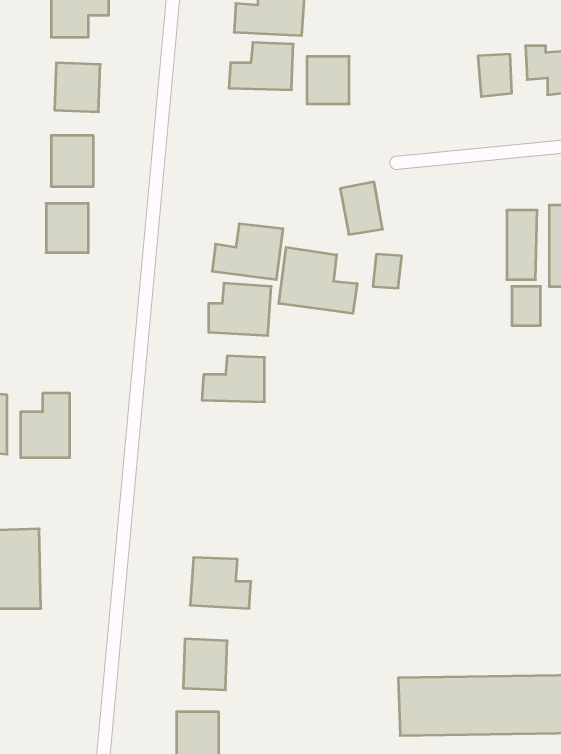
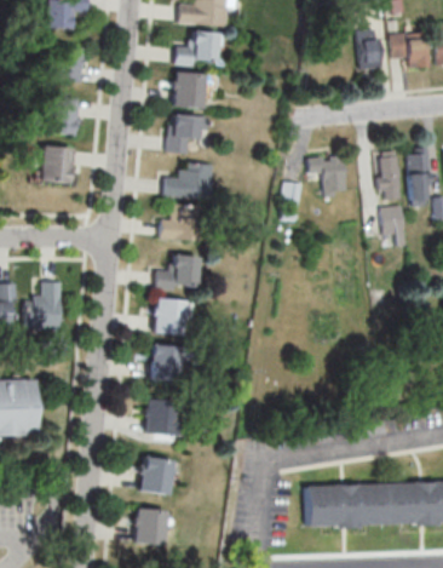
building: [307,56,349,104] -> [178,73,208,107]
building: none -> [169,114,206,153]
building: [340,182,383,234] -> [315,156,345,194]
building: [279,247,357,313] -> none
building: none -> [159,299,189,334]
building: none -> [153,344,186,383]

